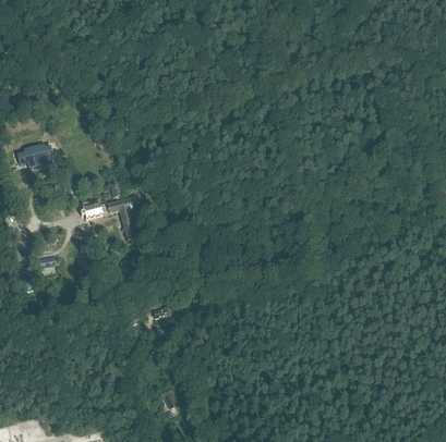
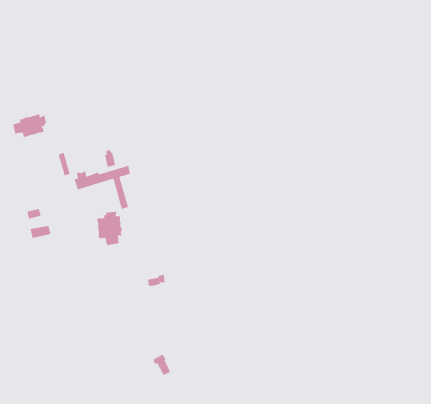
building: none -> [97,211,123,246]

